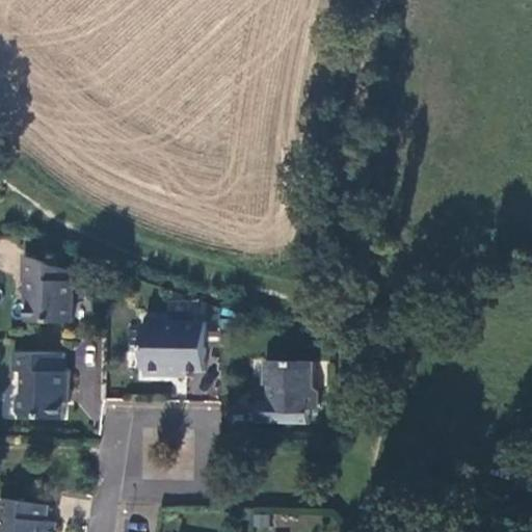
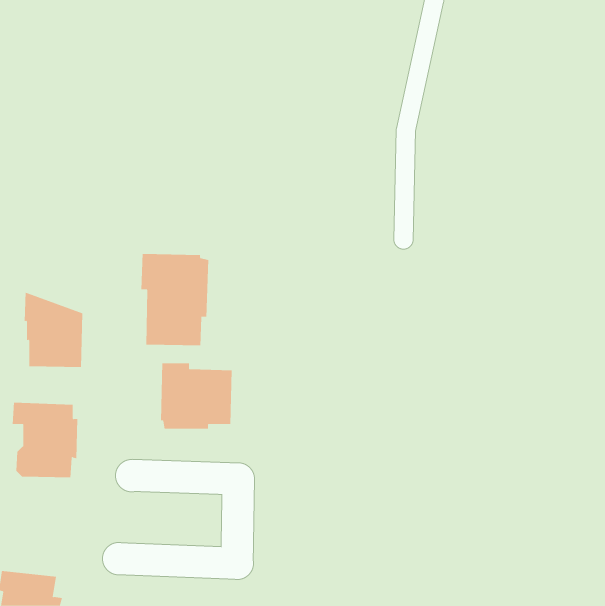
building: none -> [141,253,209,346]
building: [256,361,317,424] -> none

